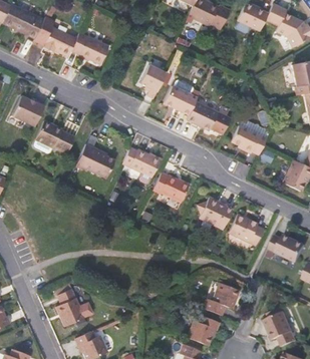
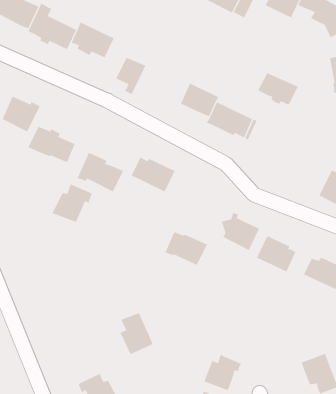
building: [139,63,166,95] -> [116,57,146,95]
building: [231,124,266,152] -> [258,72,299,105]
building: none -> [52,184,92,223]
building: [152,170,190,200] -> [164,231,208,266]
building: [201,283,239,316] -> none
building: [56,292,85,328] -> [119,313,154,355]

